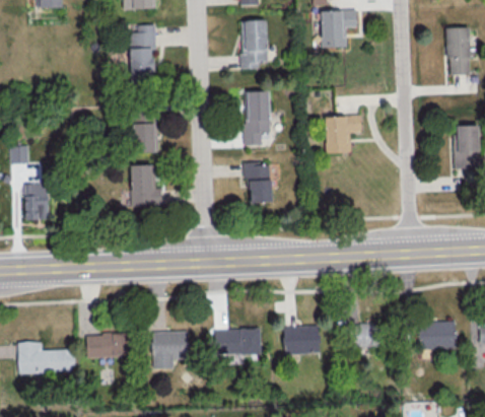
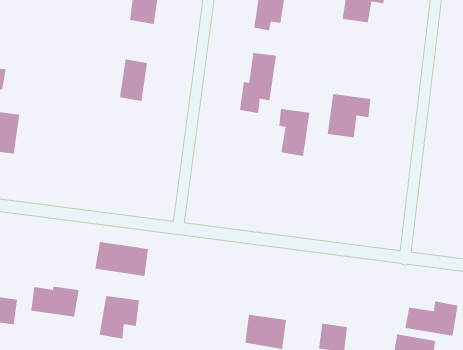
building: [243,161,271,202] -> [278,108,310,156]
building: [130,164,161,206] -> none
building: none -> [405,301,458,337]
building: [214,328,261,354] -> [94,242,149,277]

